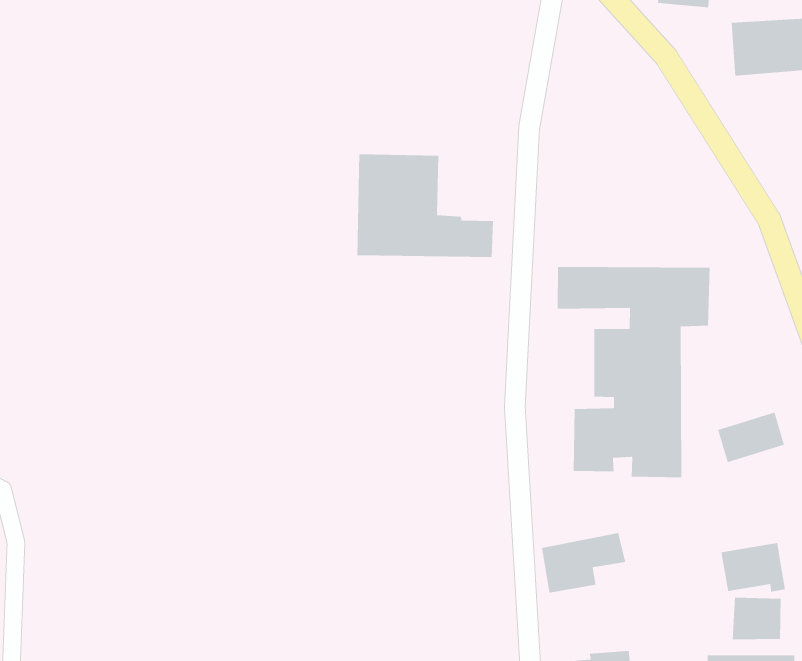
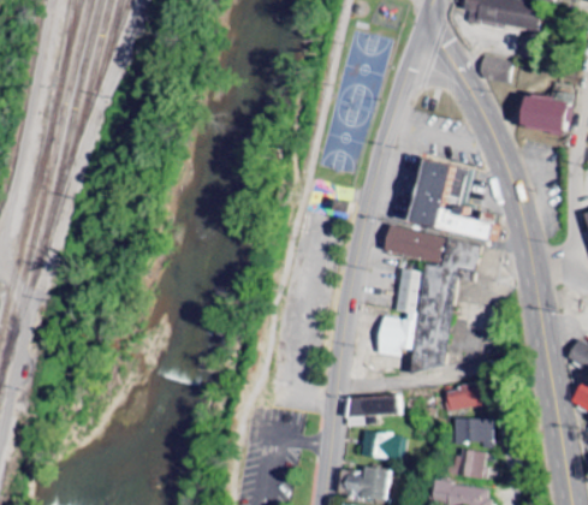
building: [357,153,494,258] -> [405,160,493,238]
building: [717,412,785,463] -> [444,384,483,410]
building: none -> [362,430,408,461]

